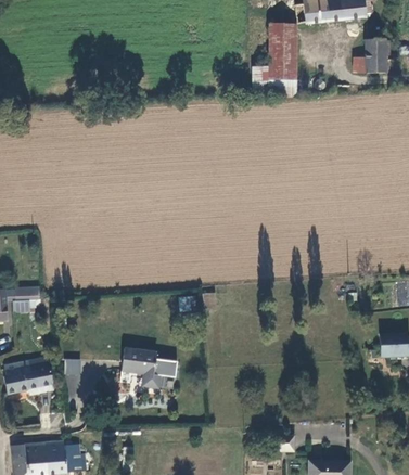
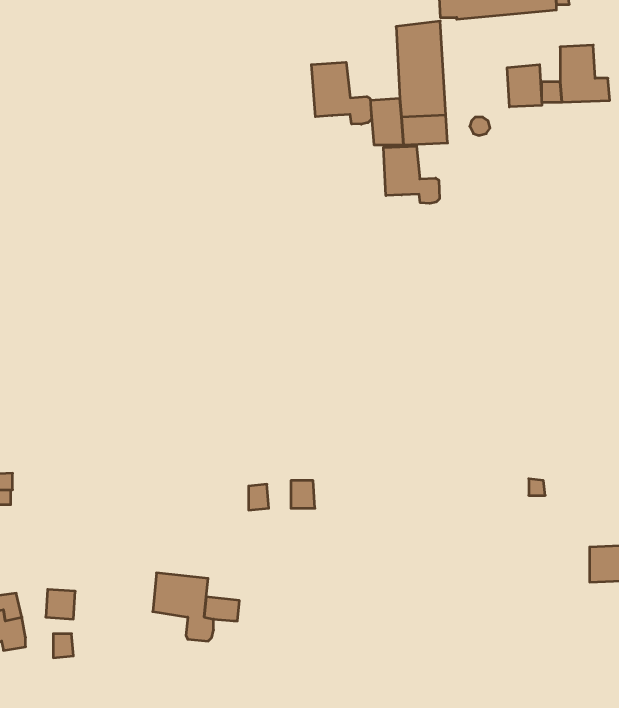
building: none -> [311,62,371,124]
building: none -> [507,65,542,107]
building: none -> [383,146,439,203]

